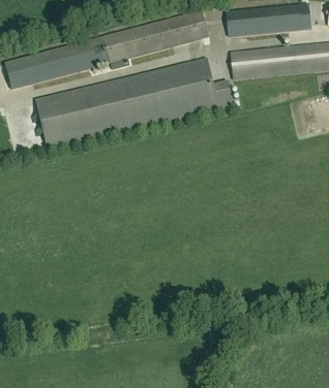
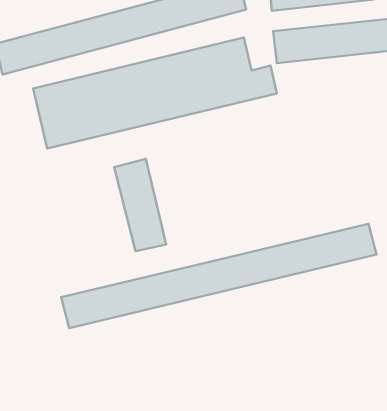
building: none -> [114,159,166,251]
building: none -> [61,224,377,328]

